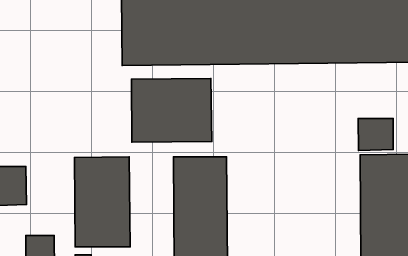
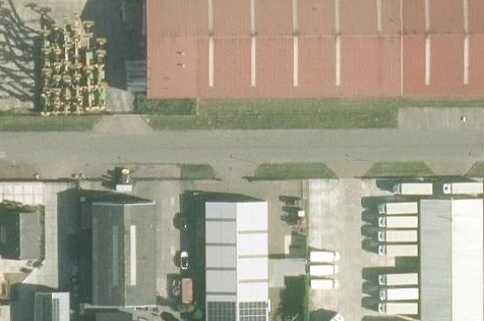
building: [132,79,212,142] -> none
building: [358,118,393,150] -> none

